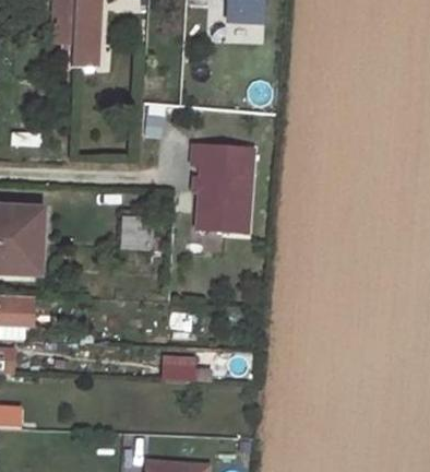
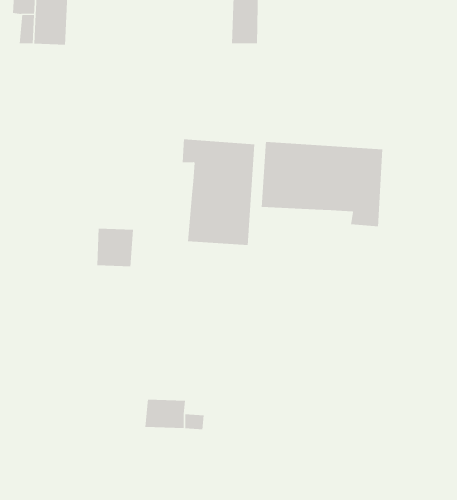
building: none -> [261,141,383,227]

